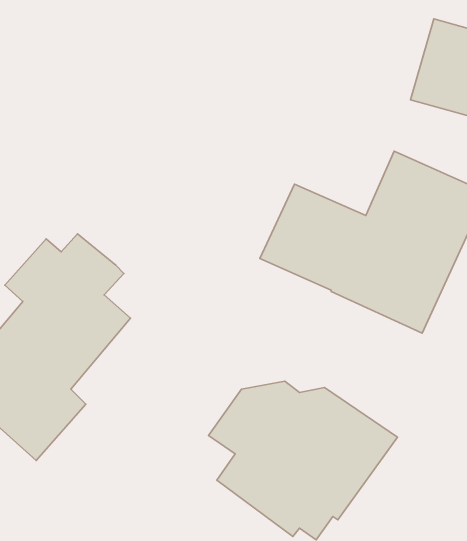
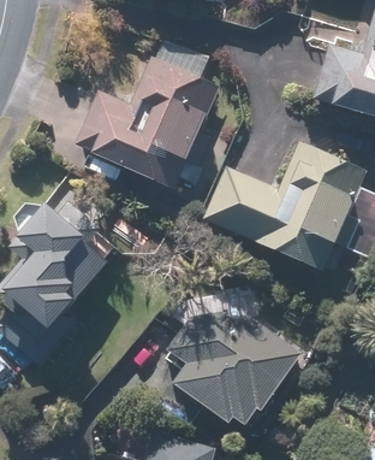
building: none -> [77,59,221,193]

